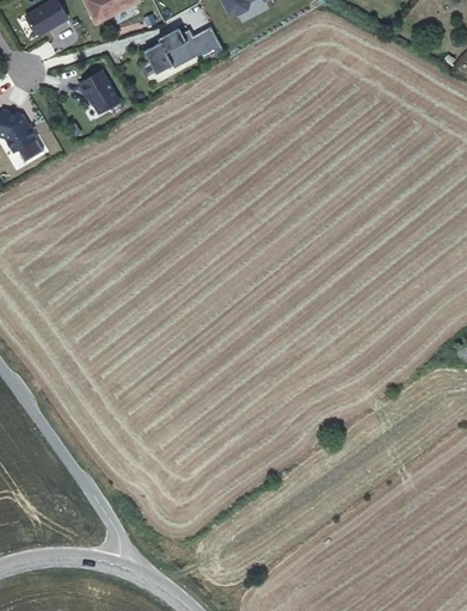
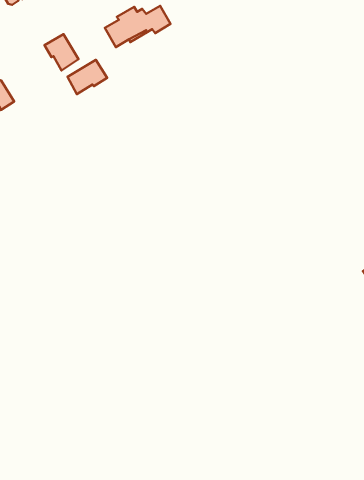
building: none -> [67,60,107,94]

